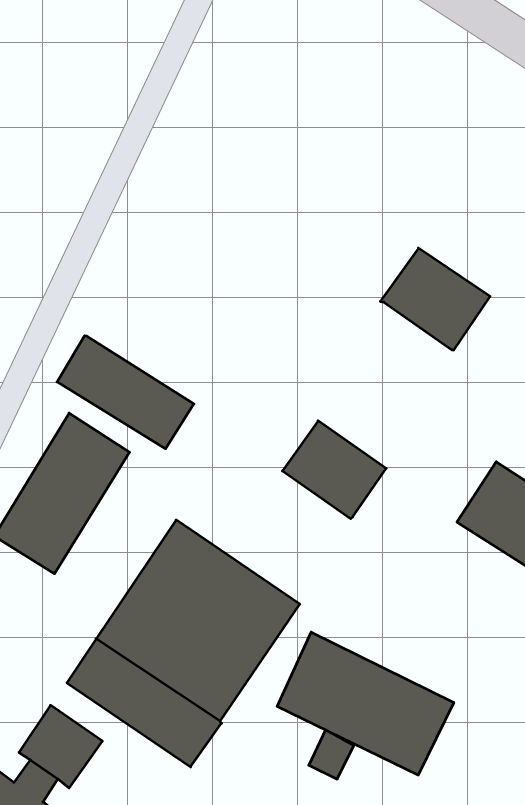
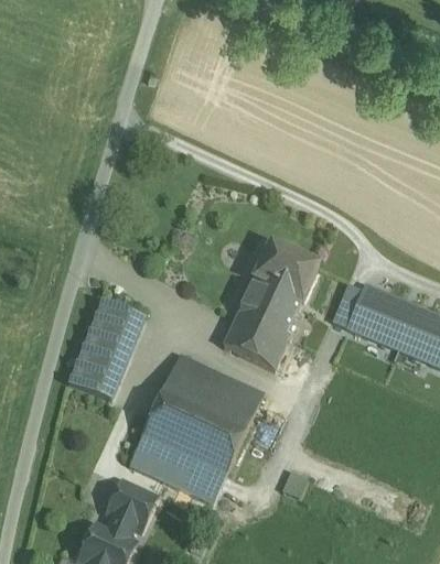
building: [380,248,490,350] -> [251,243,318,302]
building: [57,336,194,449] -> none
building: none -> [222,314,288,370]
building: [277,632,454,775] -> none

